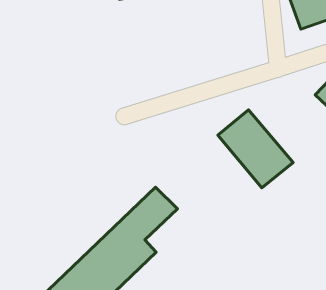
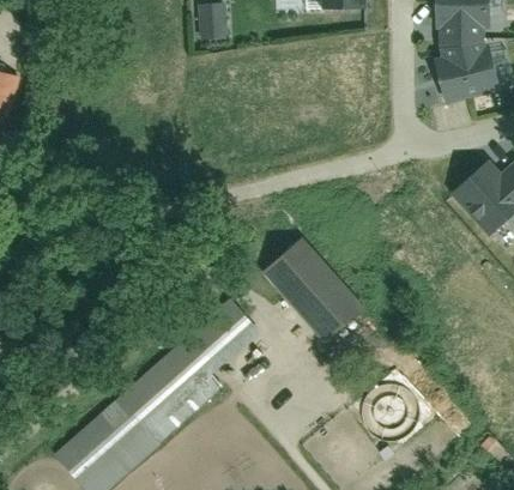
building: [218,110,293,188] -> [260,232,359,340]

